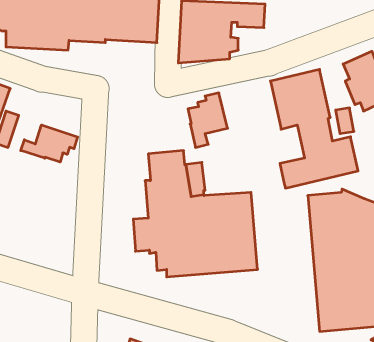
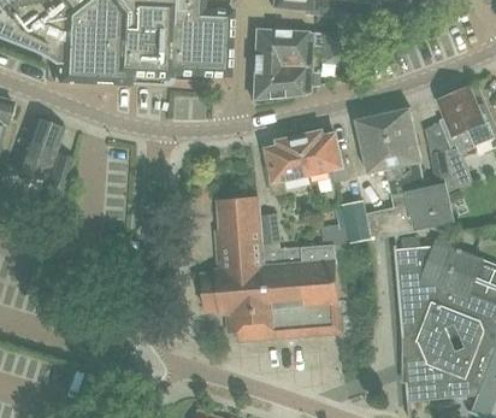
building: none -> [297,130,349,181]
building: [21,125,78,162] -> none
building: none -> [320,200,371,242]

